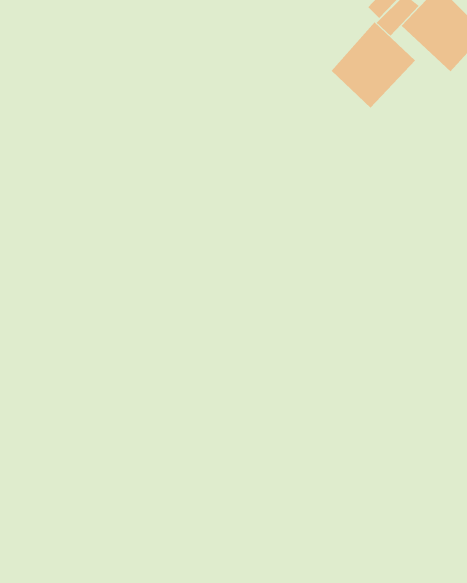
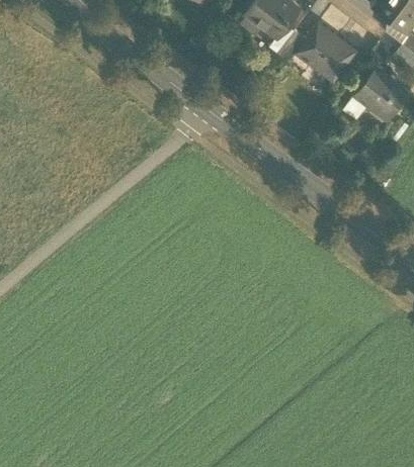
building: [331,22,416,109] -> none

